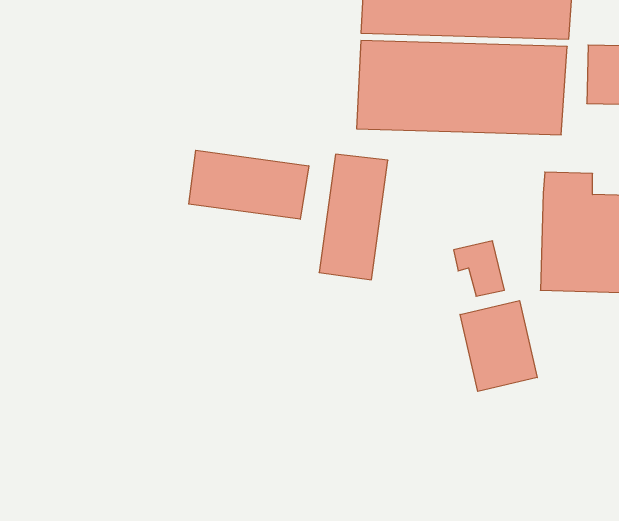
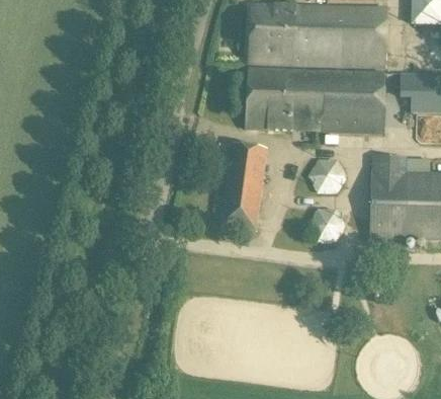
building: [189,150,309,219] -> none
building: none -> [314,156,345,190]
building: [460,301,537,391] -> none

